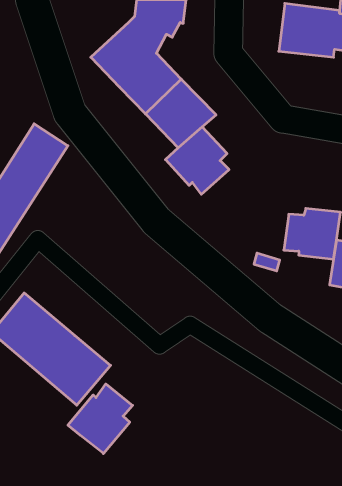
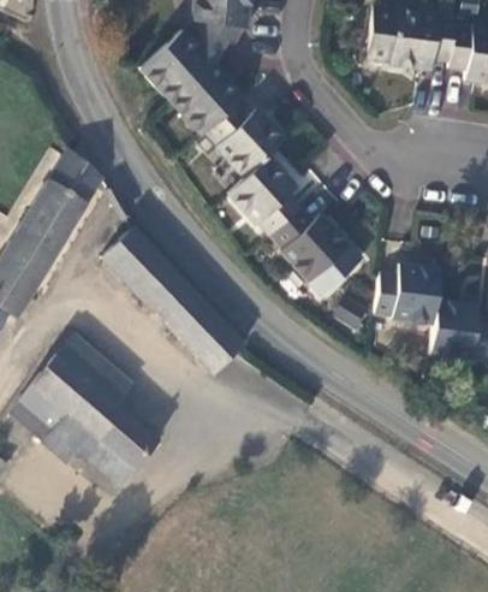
building: none -> [272,207,355,285]
building: none -> [101,229,250,379]
building: none -> [58,335,137,408]
building: [68,384,133,454] -> none

